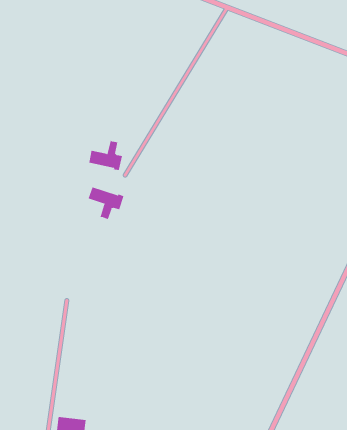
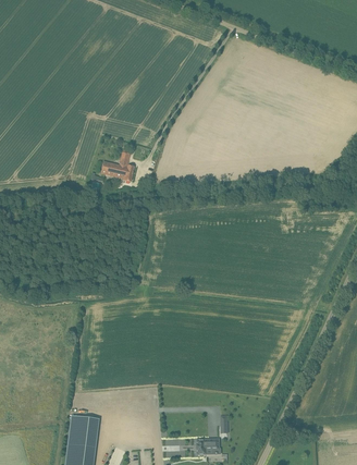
building: [88,186,124,220] -> none

